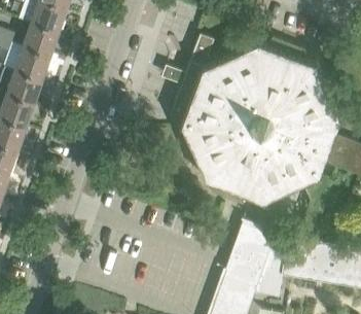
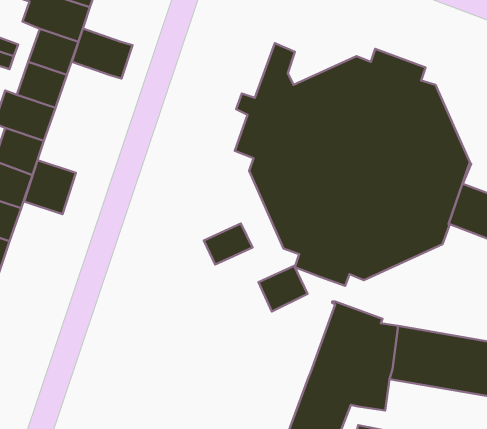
building: none -> [72,29,133,79]
building: none -> [24,160,76,214]
building: none -> [204,223,252,265]
building: none -> [258,266,308,311]

